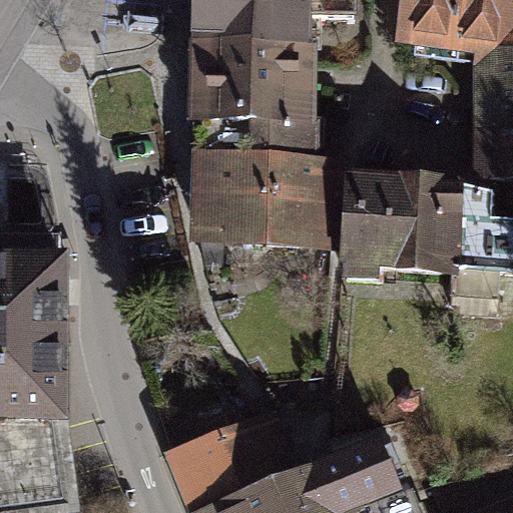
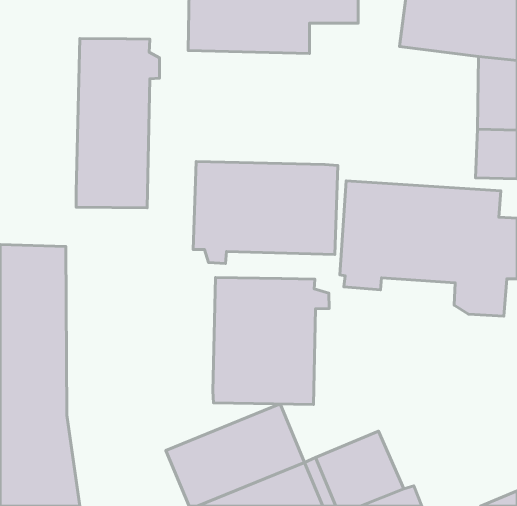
building: none -> [76,39,160,208]
building: [184,50,323,163] -> none
building: none -> [213,278,329,405]

